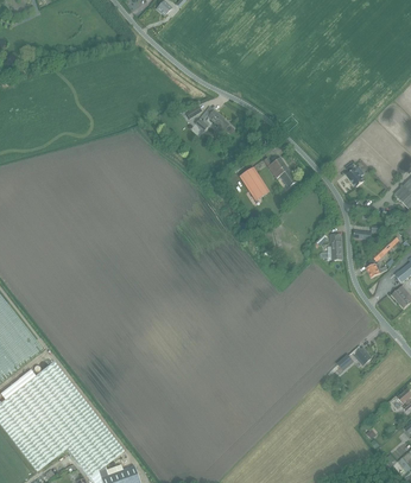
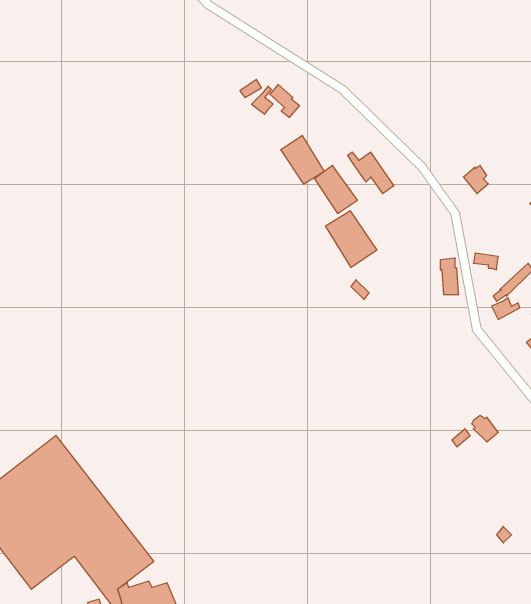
building: none -> [281,135,324,184]
building: none -> [326,211,377,267]

